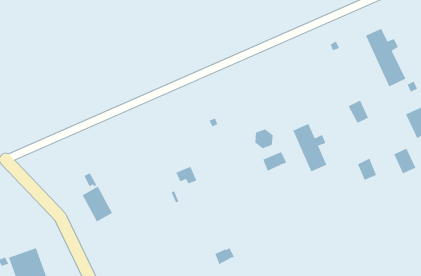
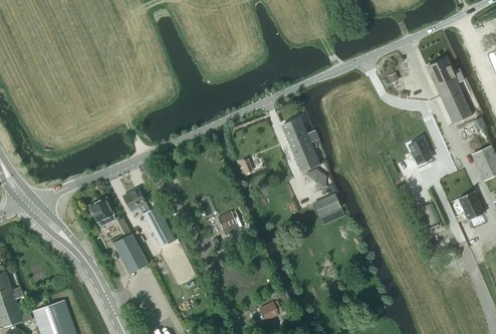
building: [293,123,327,172] -> [281,117,319,172]
building: none -> [122,189,175,247]
building: none -> [89,198,115,227]

